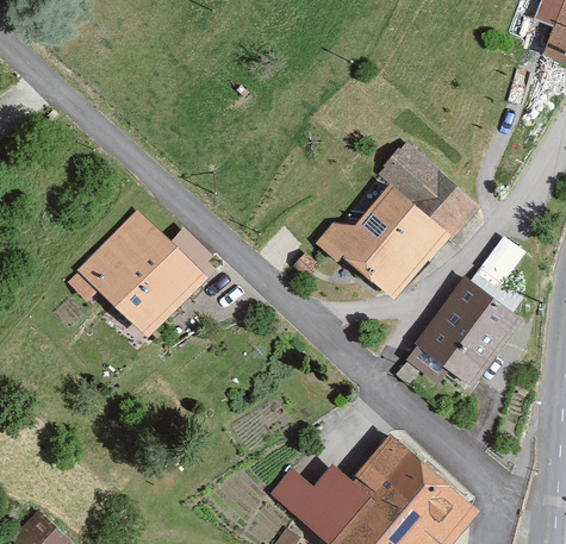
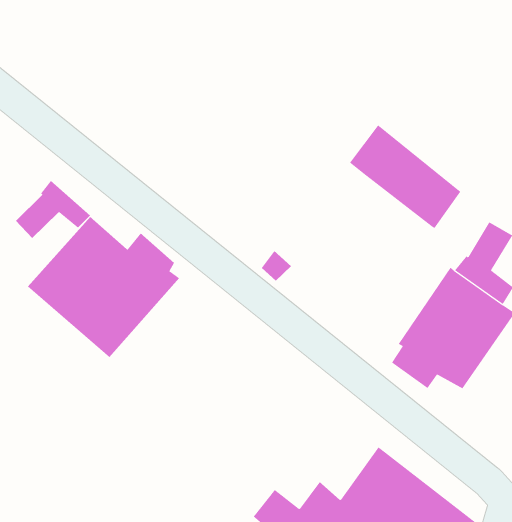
building: none -> [15,180,91,239]
building: [315,185,450,301] -> none

